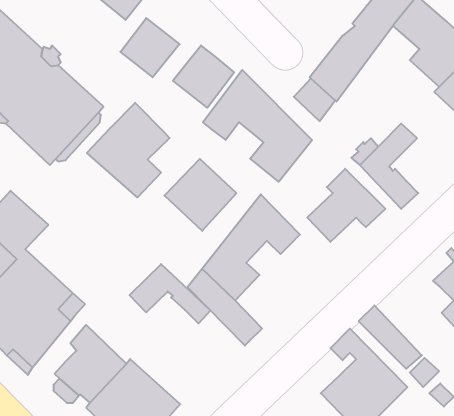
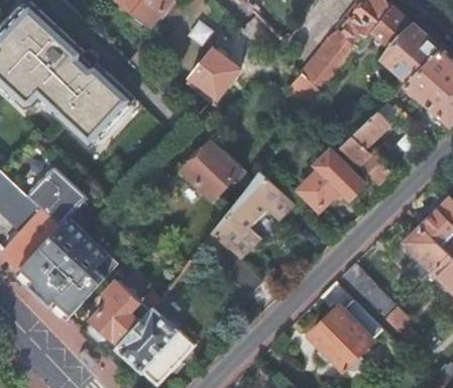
building: [120,18,180,77] -> none
building: [203,70,312,182] -> none
building: [87,103,170,197] -> none
building: [130,264,210,323] -> none

